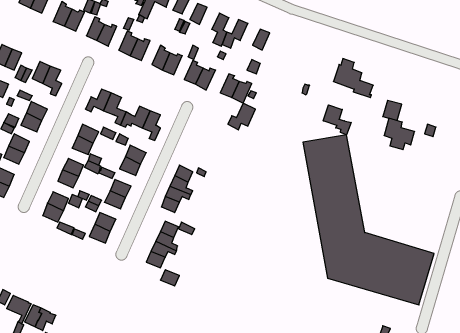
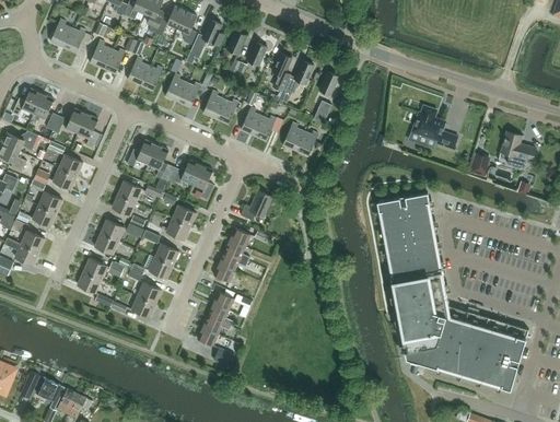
building: [228,103,255,130] -> [240,190,271,221]
building: [323,105,351,135] -> none
building: [384,118,415,150] -> [500,131,535,167]

